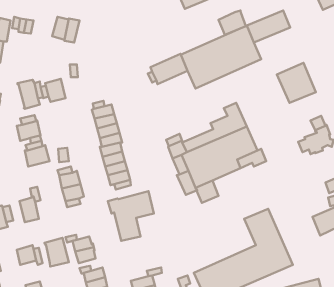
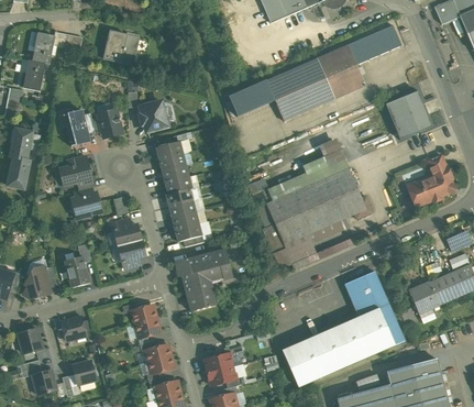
building: [218,10,246,35] -> none
building: none -> [140,101,167,131]
building: none -> [408,280,439,312]
building: [45,238,69,266] -> none

